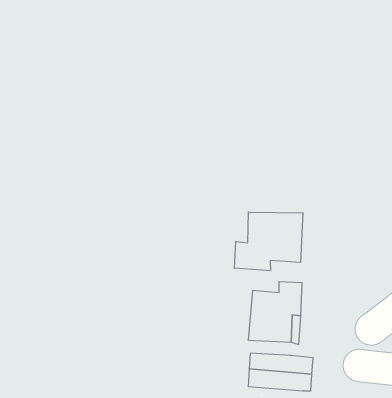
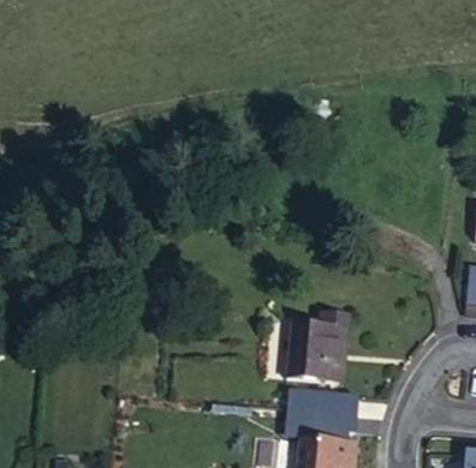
building: [234,212,303,271] -> none

